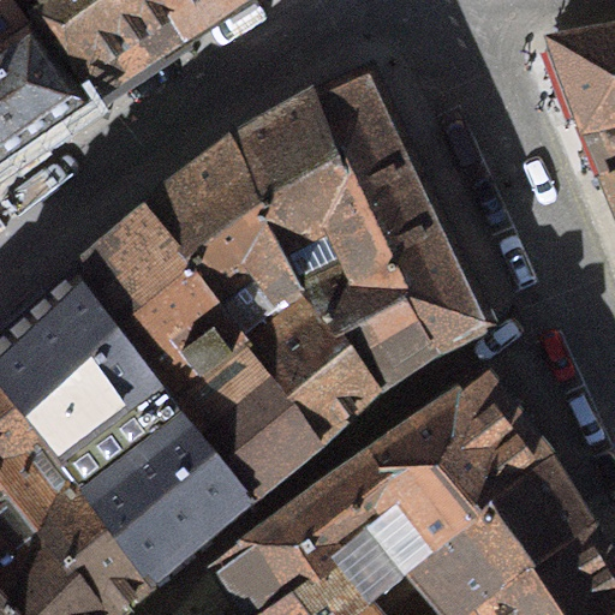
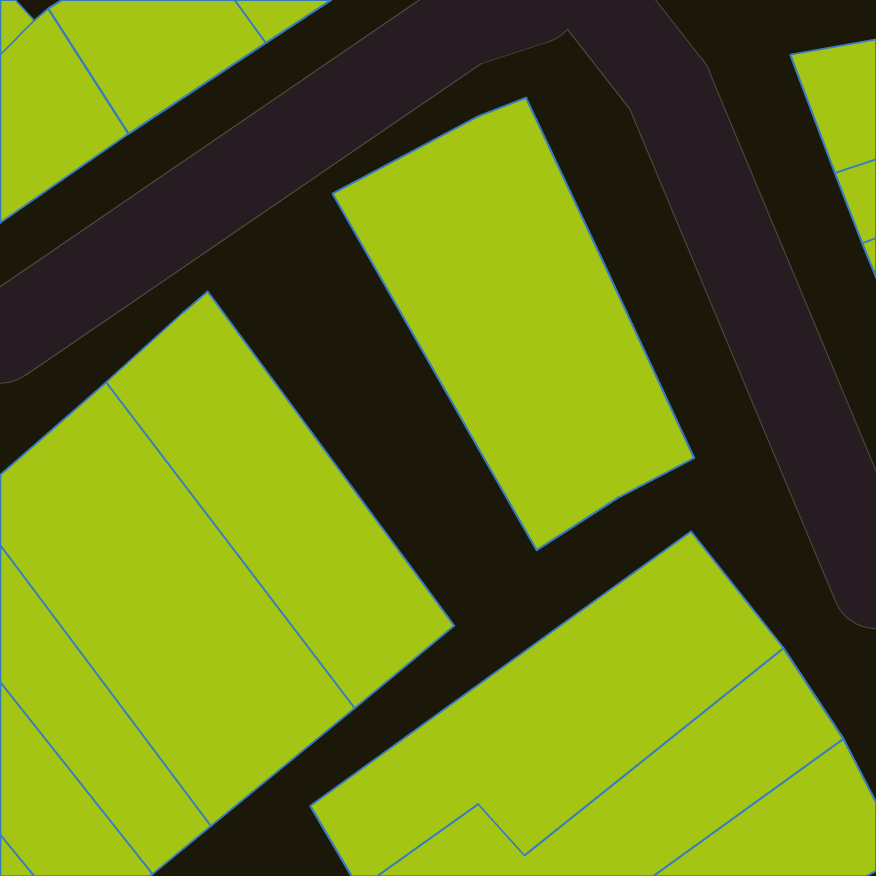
building: [145,136,376,438] -> none

